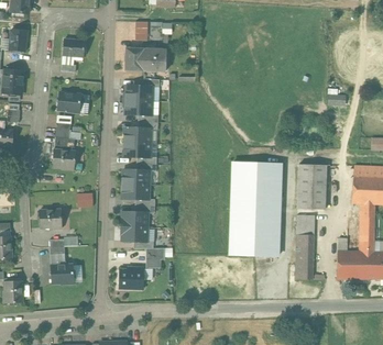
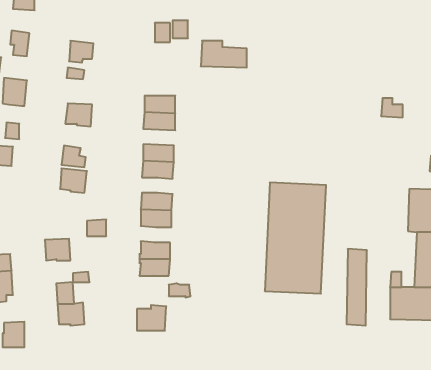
building: [125,48,165,71] -> [201,41,247,68]
building: [300,168,329,212] -> none

